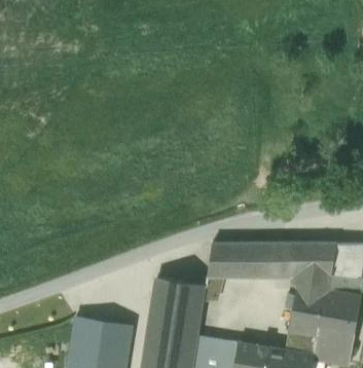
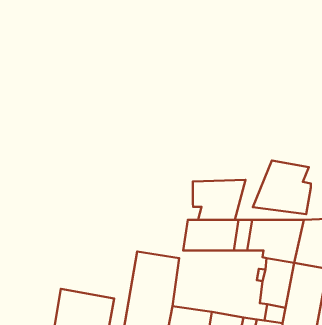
building: none -> [253,160,311,214]
building: none -> [193,180,245,220]

